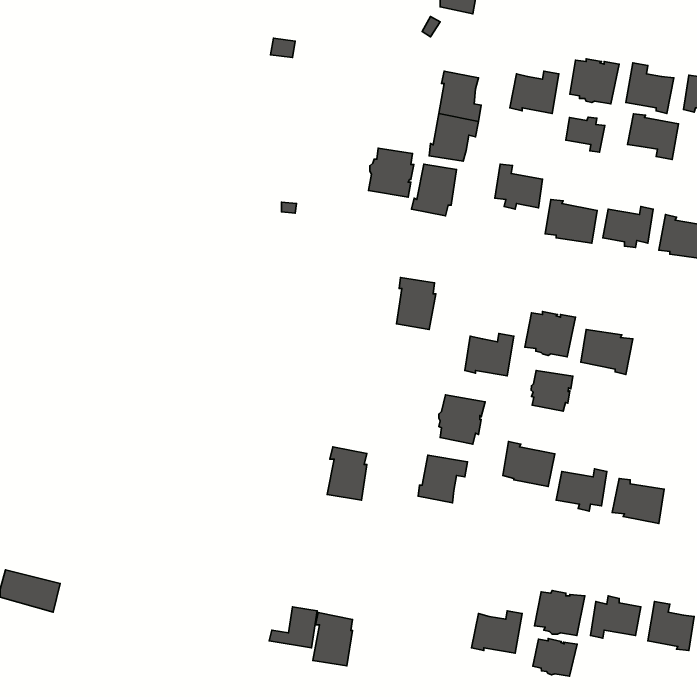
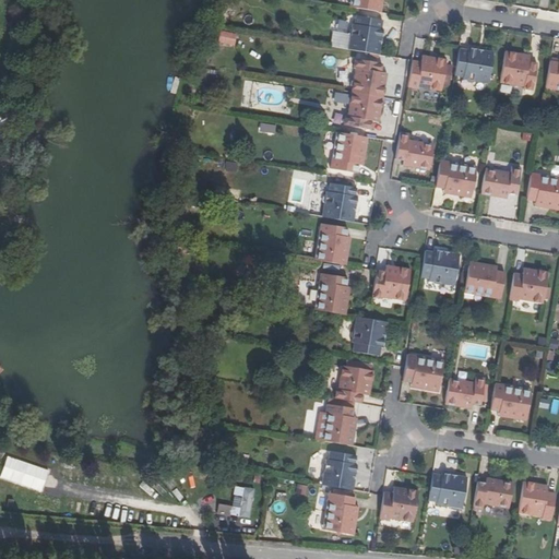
building: none -> [348,14,383,53]
building: [628,114,679,159] -> none
building: [566,117,605,152] -> none
building: [369,148,414,197] -> [322,181,358,221]
building: none -> [510,270,549,304]
building: none -> [317,271,348,313]
building: [531,371,573,411] -> none
building: [327,447,367,500] -> [323,402,355,444]
building: none -> [322,450,358,489]
building: [313,613,352,666] -> [324,491,356,534]
building: [533,638,577,676] -> none

